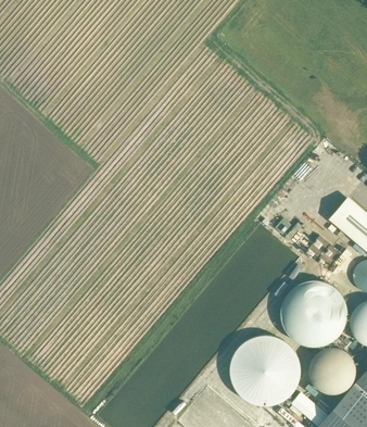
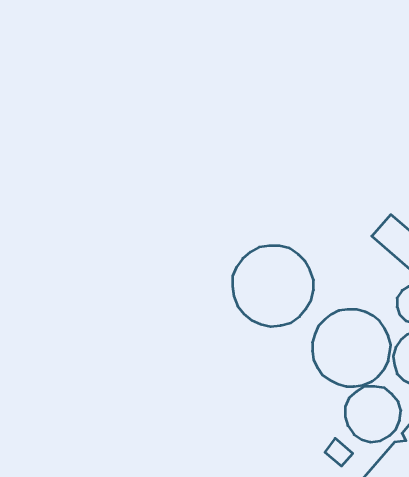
building: [230,337,300,406] -> [233,246,314,327]

